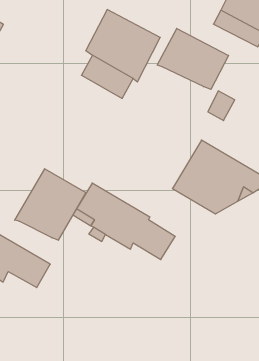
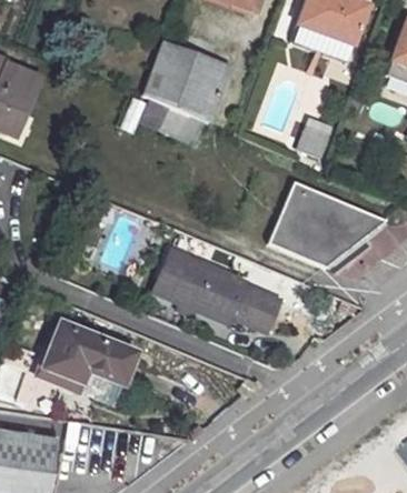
building: [157,28,229,89] -> none
building: [15,169,86,240] -> none

